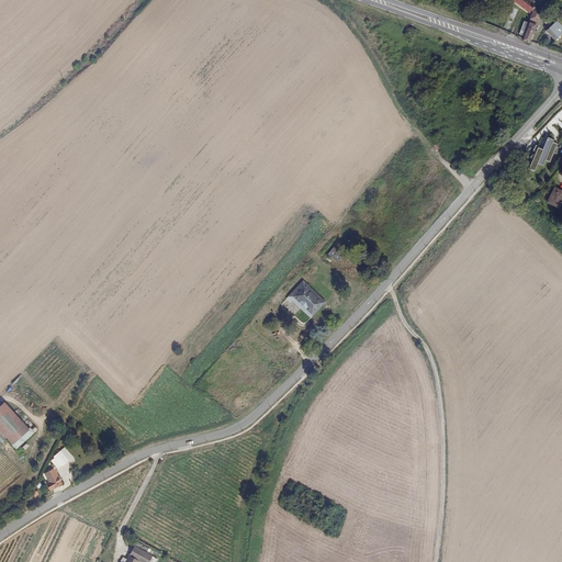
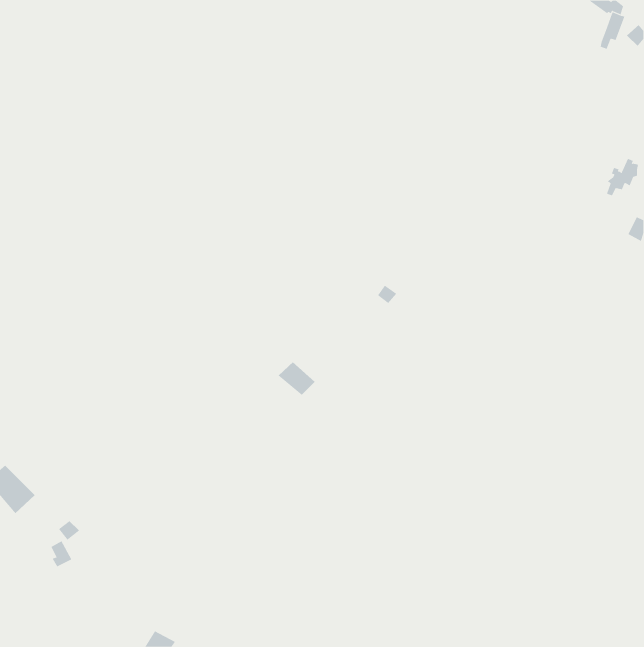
building: [289,278,322,307] -> [278,361,316,396]

